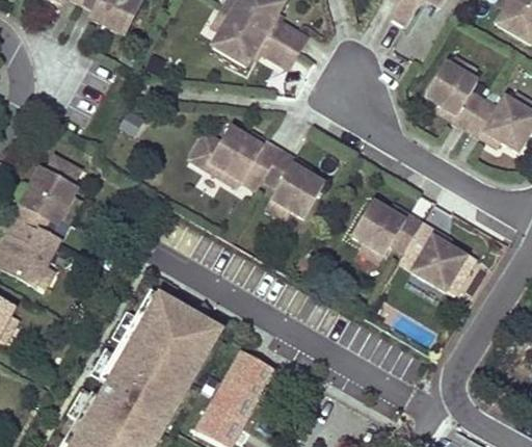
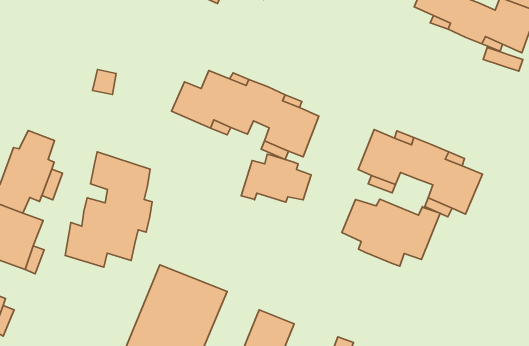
building: none -> [65,152,152,267]
building: none -> [241,154,311,202]
building: none -> [342,199,440,266]

